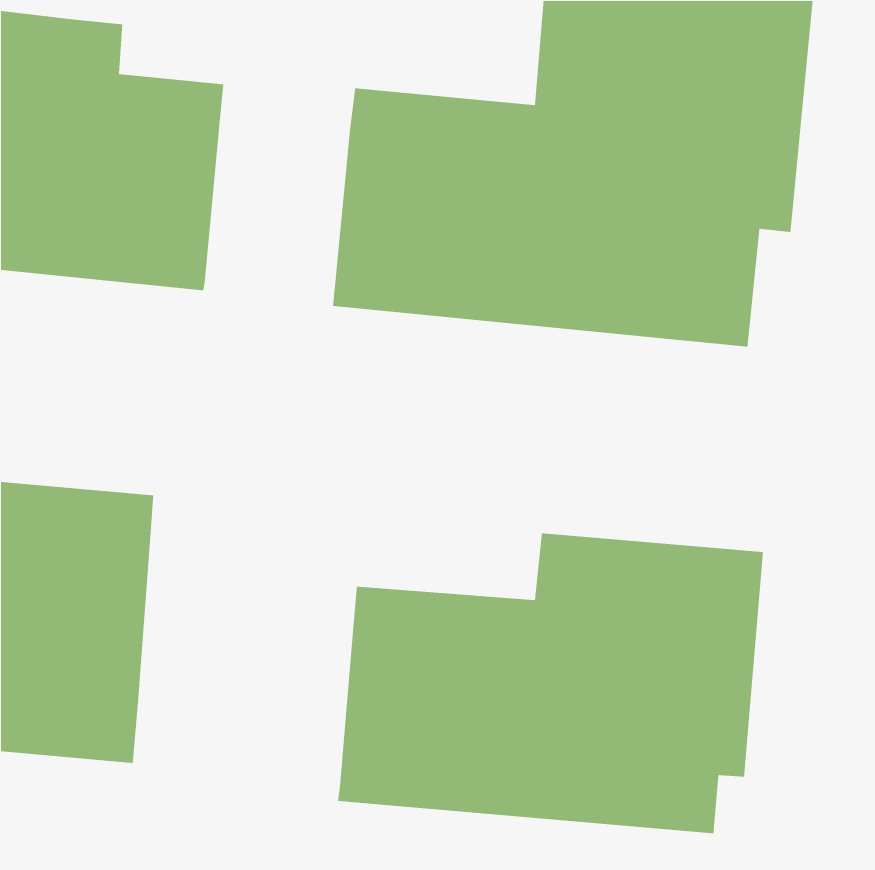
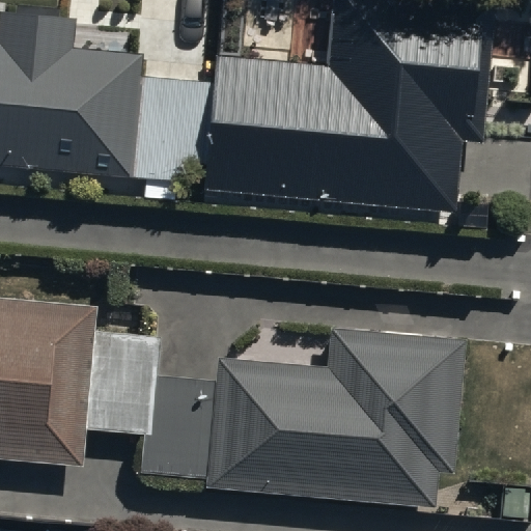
building: none -> [124,75,212,181]
building: none -> [84,331,214,479]

